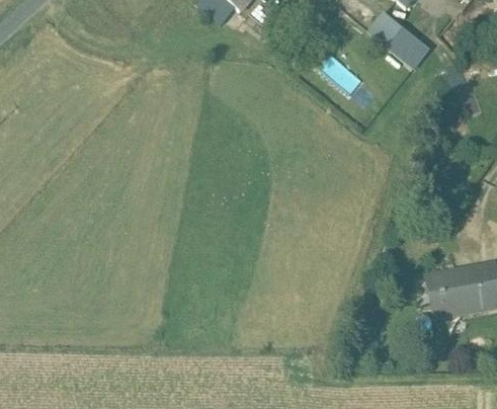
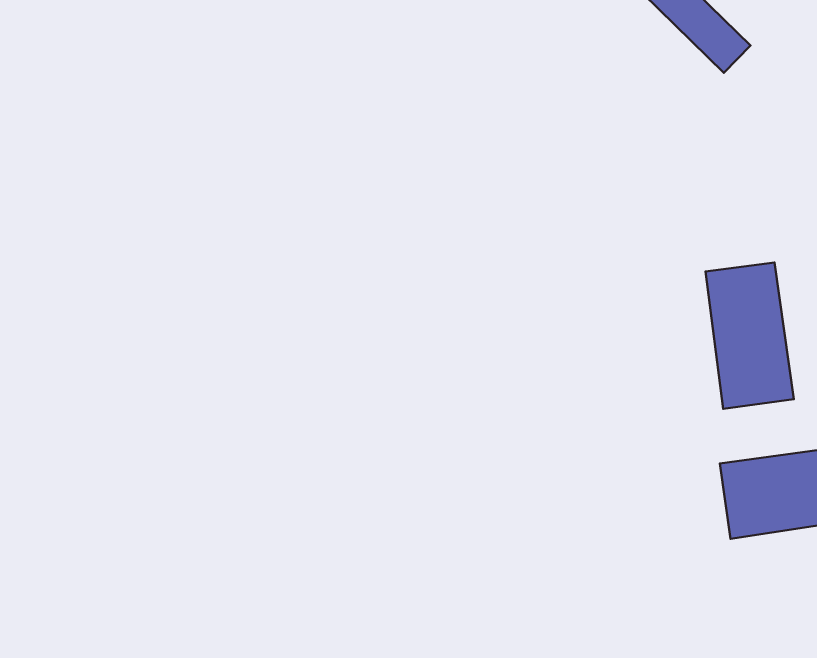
building: none -> [706,262,794,409]

